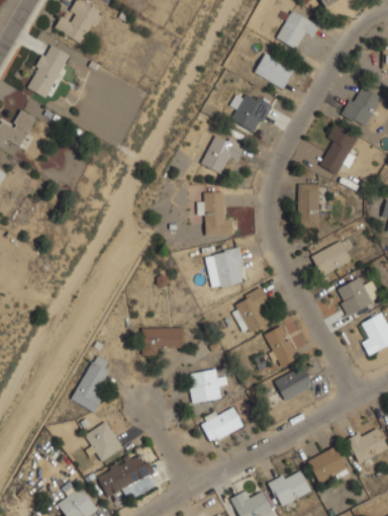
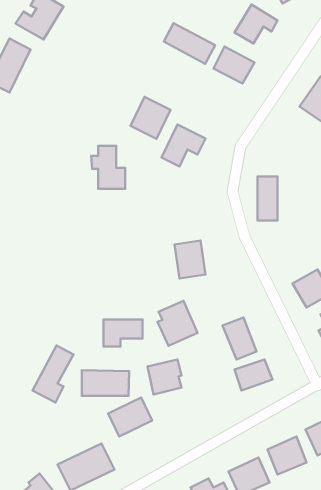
building: none -> [164,23,215,64]
building: [230,91,271,134] -> [130,97,170,139]
building: [320,123,358,174] -> none
building: [197,192,231,236] -> [91,146,125,189]
building: [312,242,351,275] -> none
building: [232,289,273,335] -> [158,301,198,346]
building: none -> [82,370,129,396]
building: [199,404,244,443] -> [108,398,152,437]
building: [85,421,123,462] -> none

